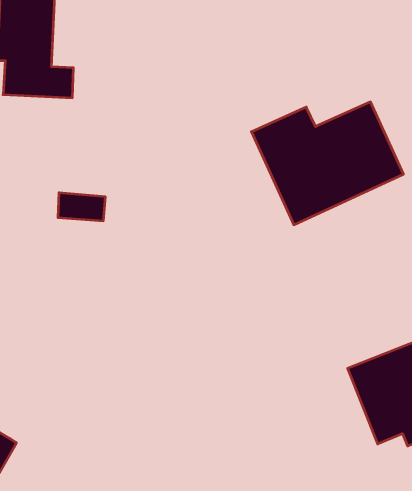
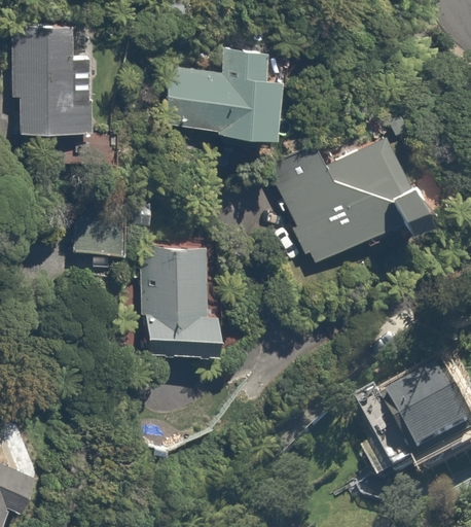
building: none -> [171,52,278,134]
building: none -> [146,246,217,352]

